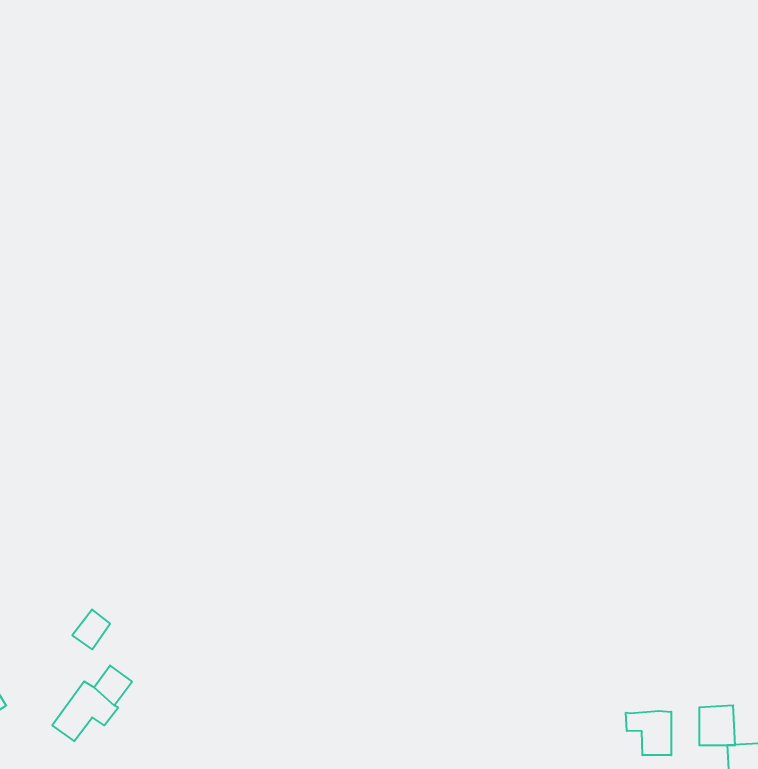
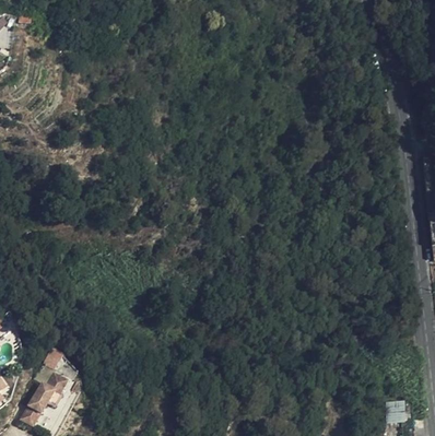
building: [626,711,671,755] -> none

